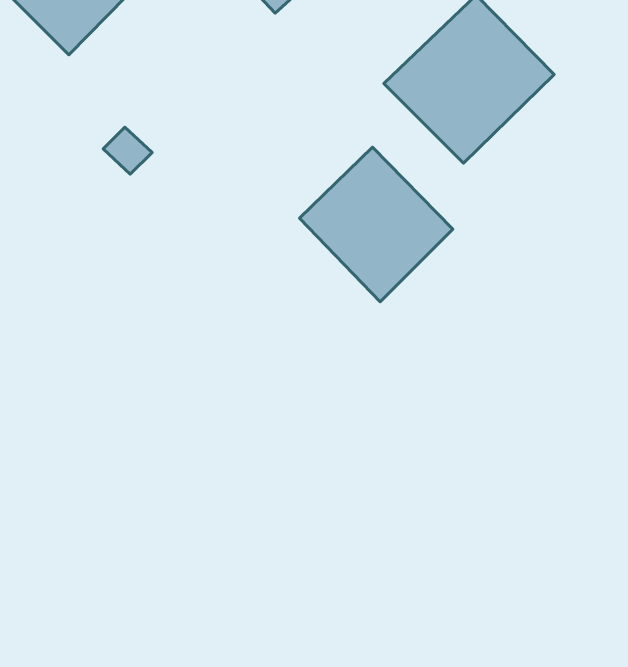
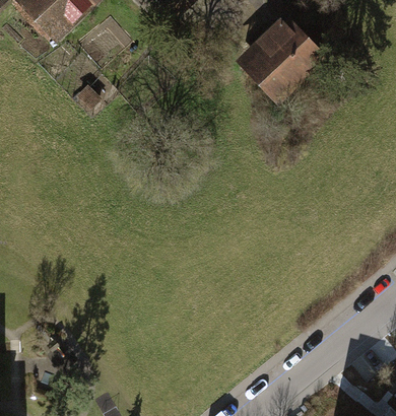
building: [300,147,453,302] -> none

